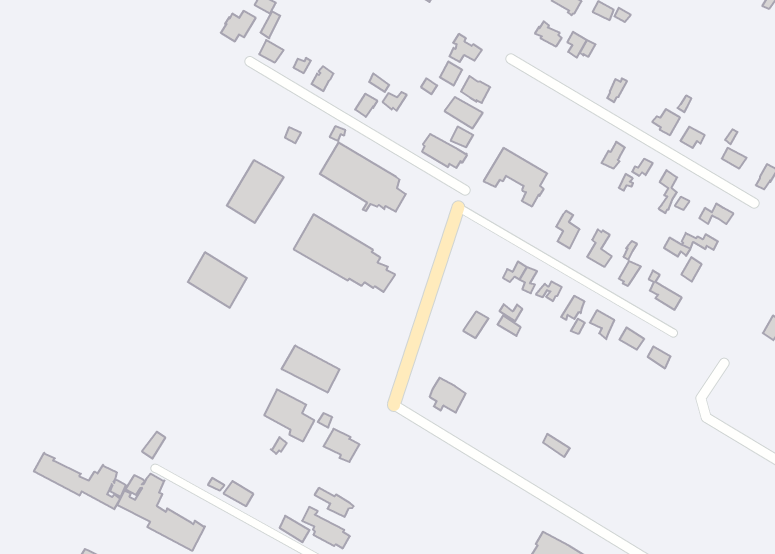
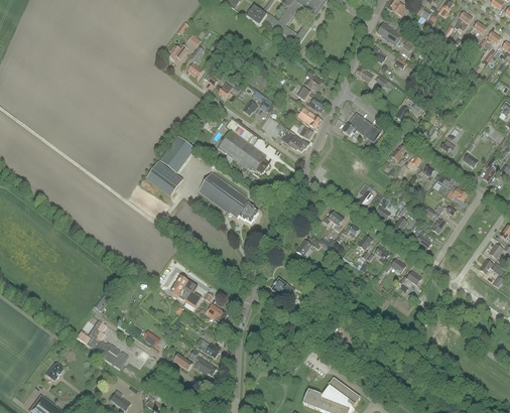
building: [484,148,547,206] -> [342,112,381,149]
building: [188,252,247,308] -> [146,160,182,195]
building: [282,345,340,393] -> none
building: [34,453,126,509] -> none

